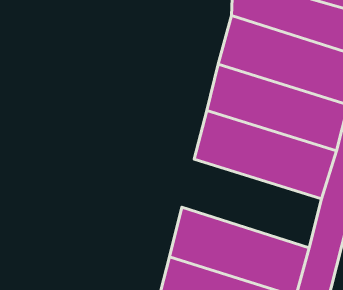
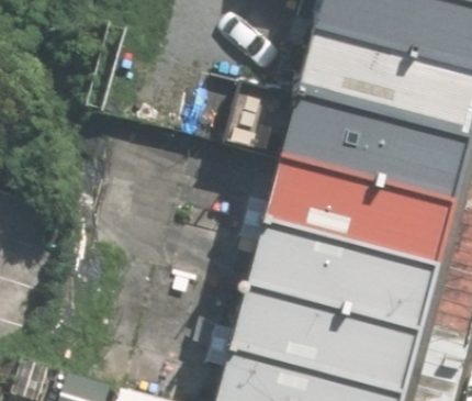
building: none -> [247,215,432,333]

